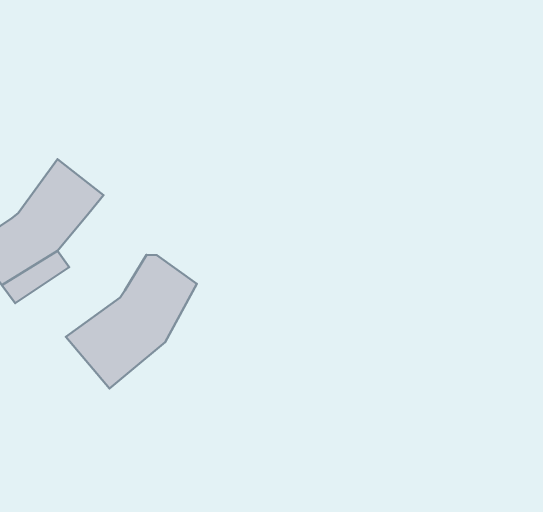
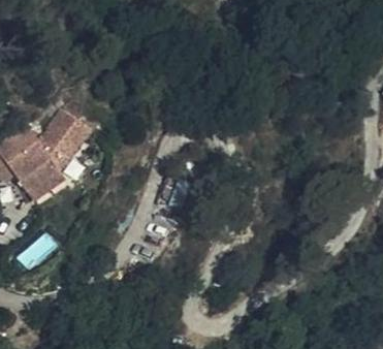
building: [66,255,197,388] -> none

